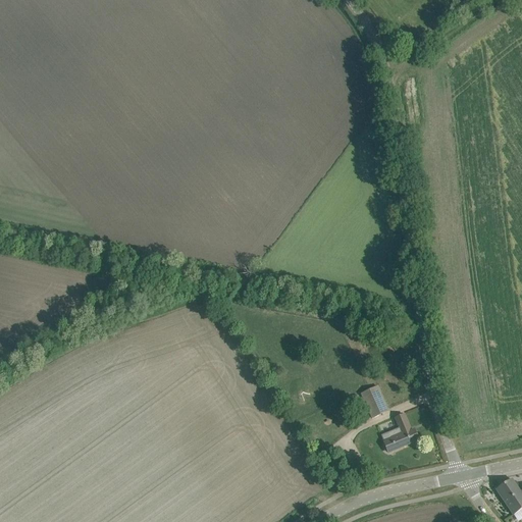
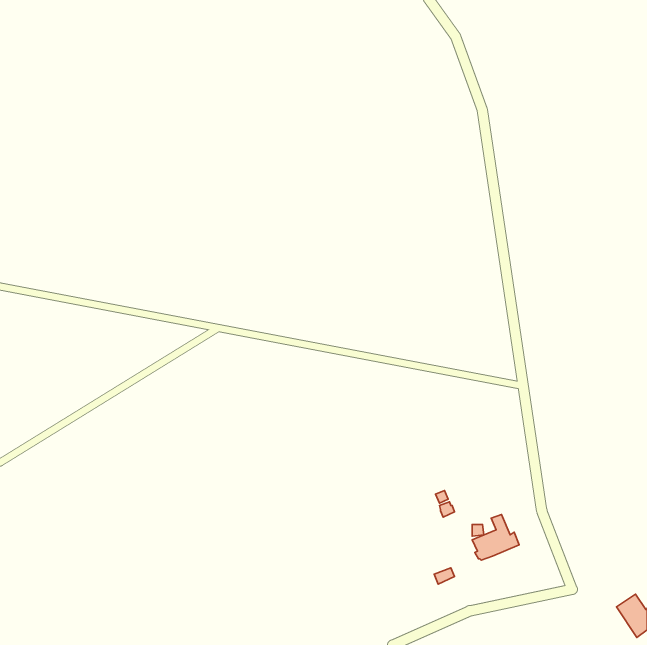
building: [361,385,388,417] -> none

